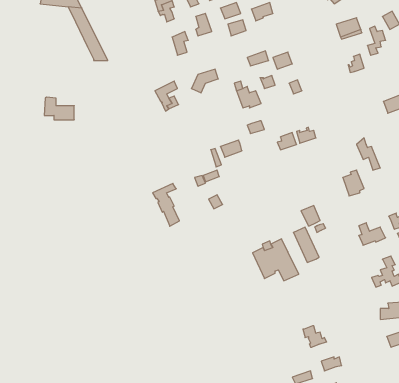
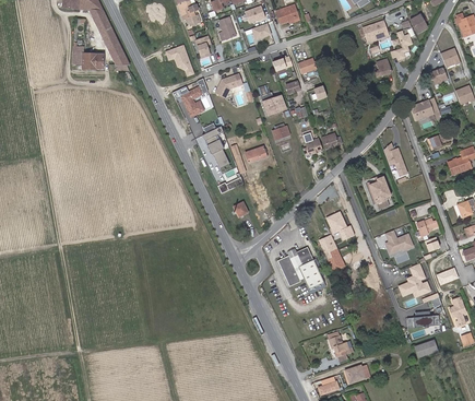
building: none -> [166,43,194,75]
building: [44,97,74,120] -> [72,45,103,68]
building: [153,183,179,226] -> [200,126,227,169]

